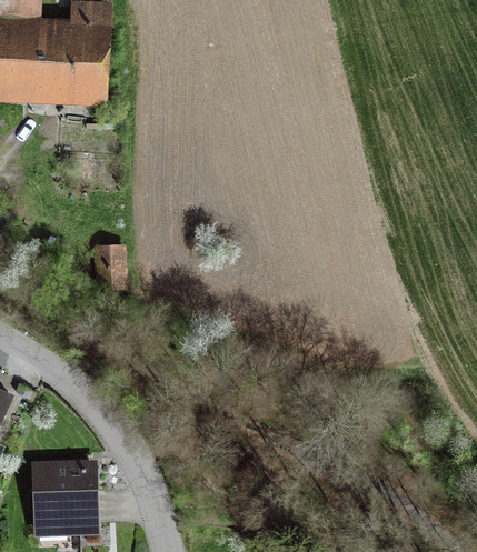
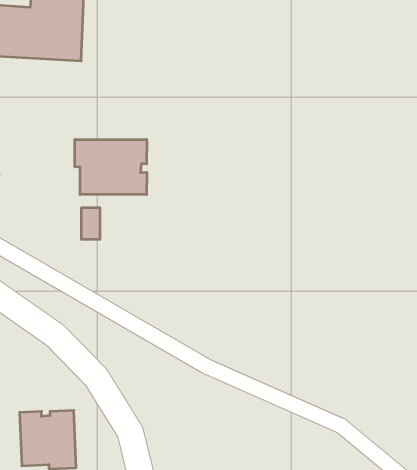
building: none -> [75,139,147,195]

